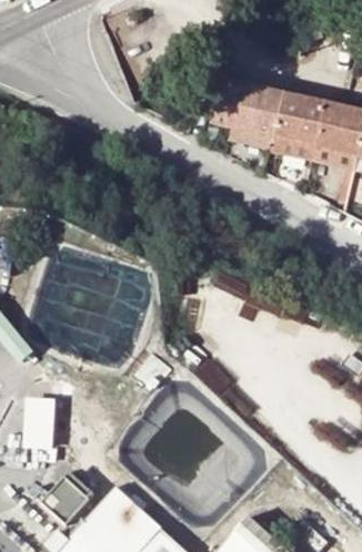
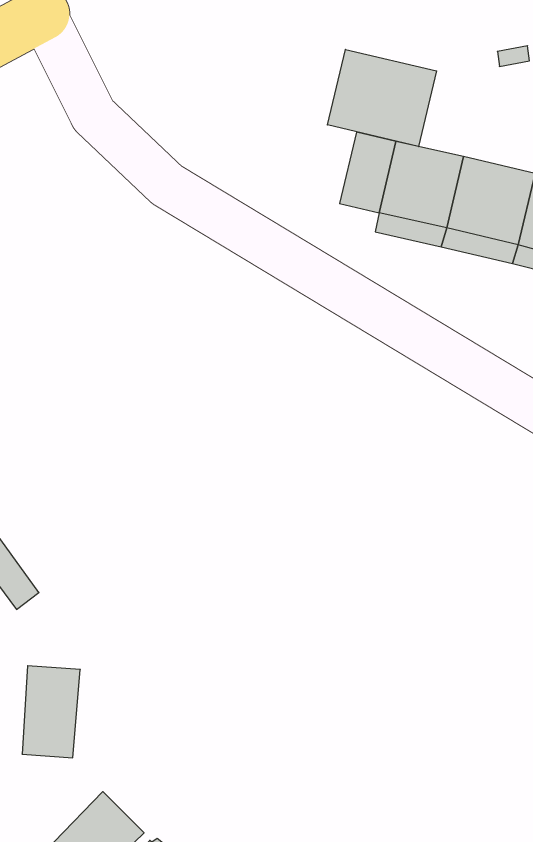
building: none -> [327,49,437,147]

